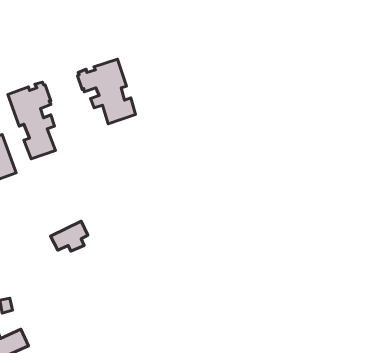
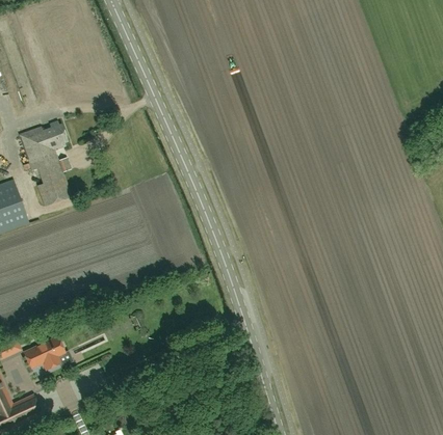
building: [77,59,135,124] -> none
building: [50,221,88,251] -> [23,335,64,369]

